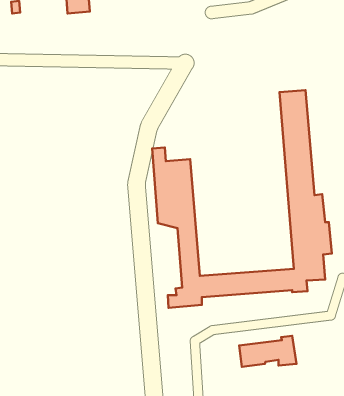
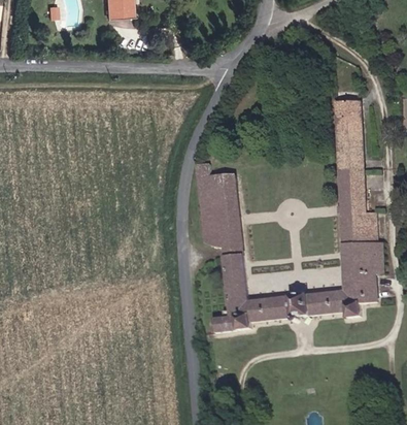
building: [239,336,296,367] -> none

